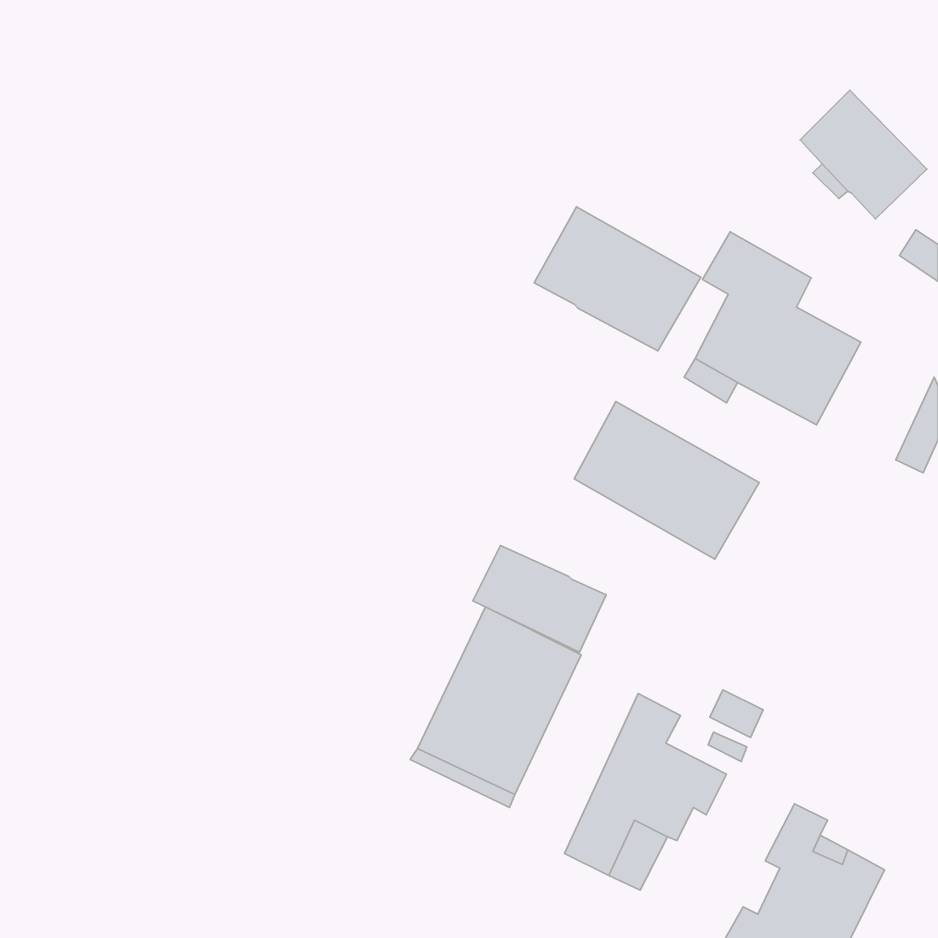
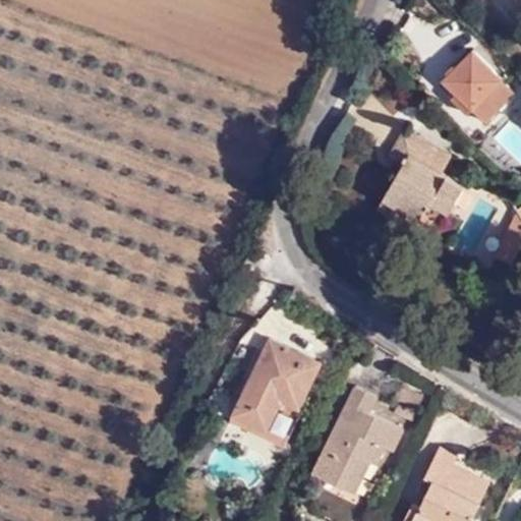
building: [534,207,701,351] -> none
building: [574,401,759,559] -> none
building: [473,545,606,652] -> none

